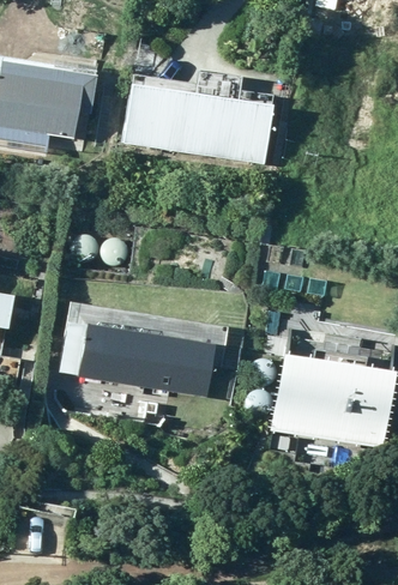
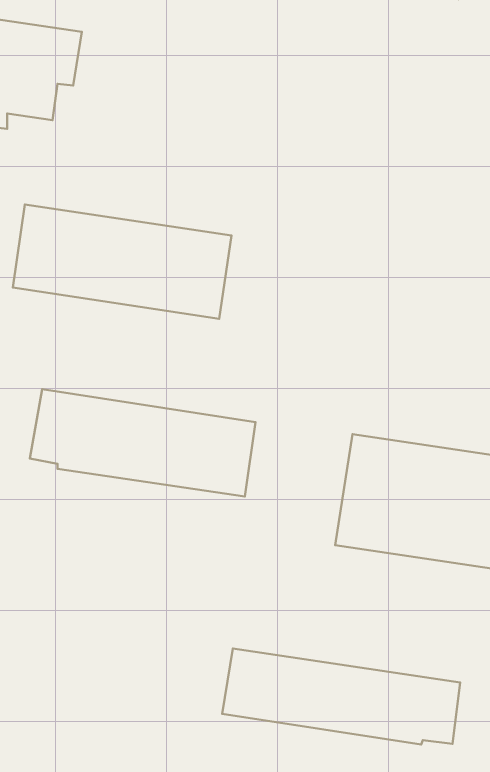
building: [122,80,273,159] -> [13,204,231,319]
building: none -> [222,649,460,744]

